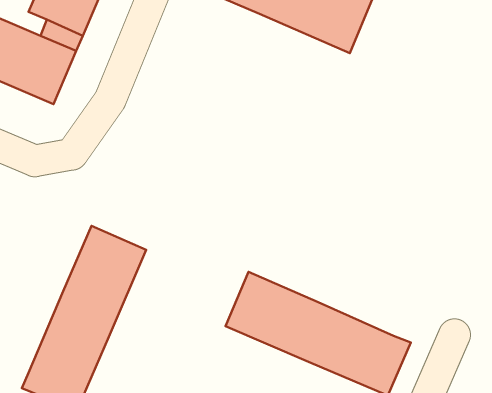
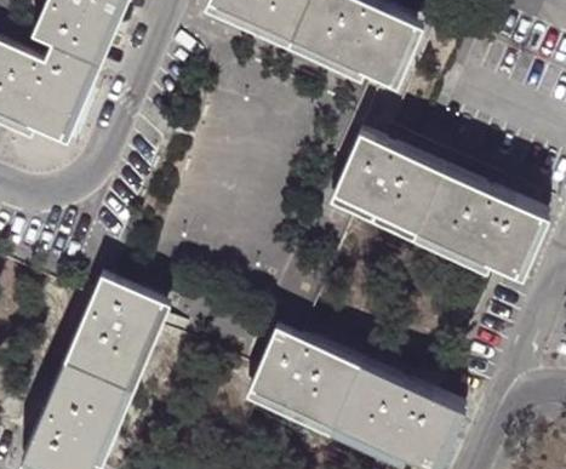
building: none -> [337,138,543,276]

